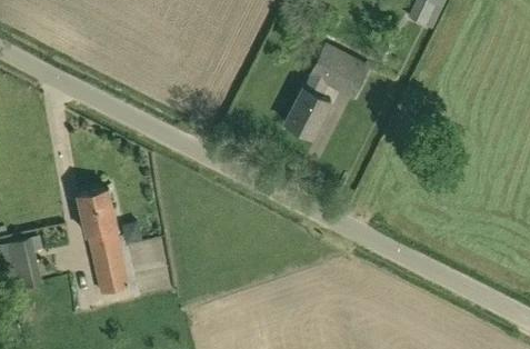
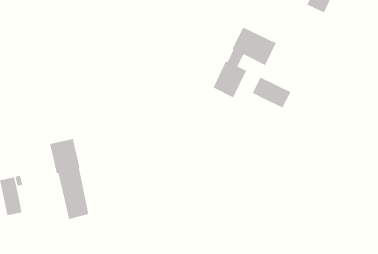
building: none -> [252,76,291,109]

